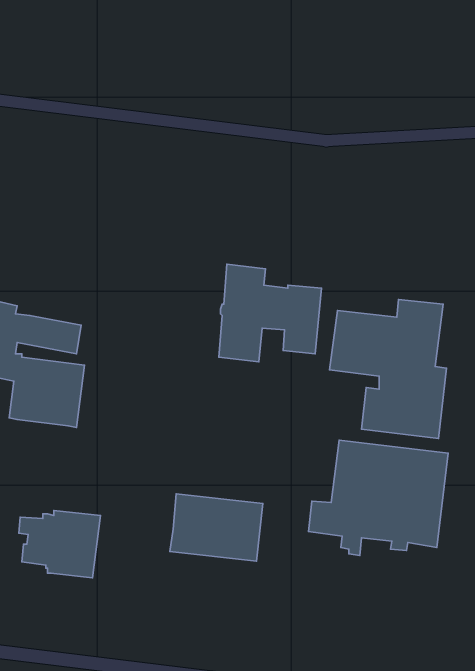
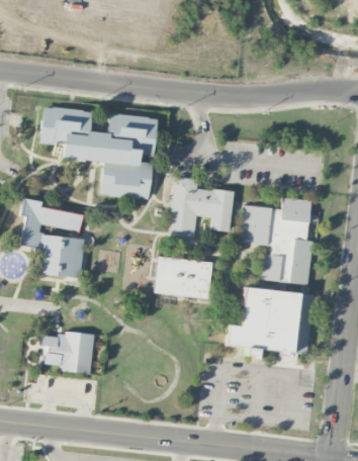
building: none -> [39,106,158,199]
building: [170,494,263,561] -> [154,256,212,298]

